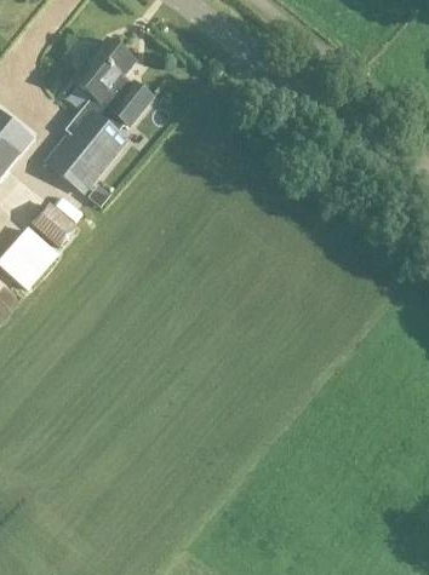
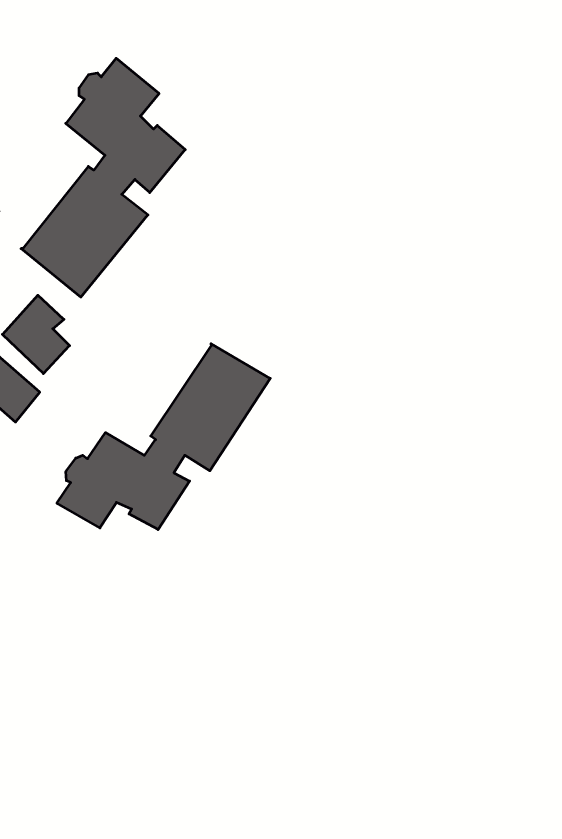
building: none -> [57,344,270,530]

